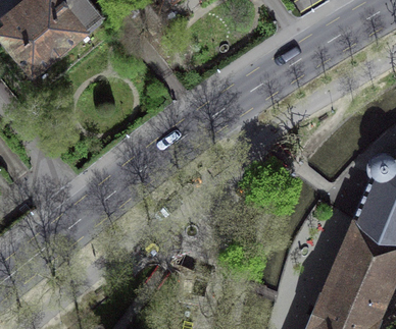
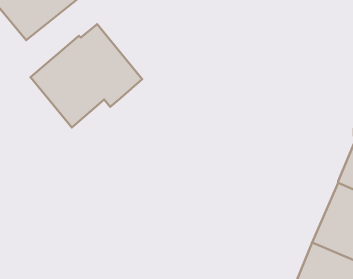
building: none -> [31,24,142,127]

